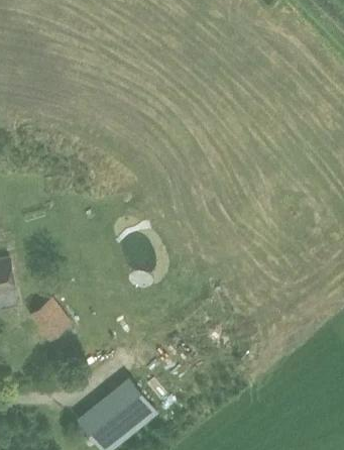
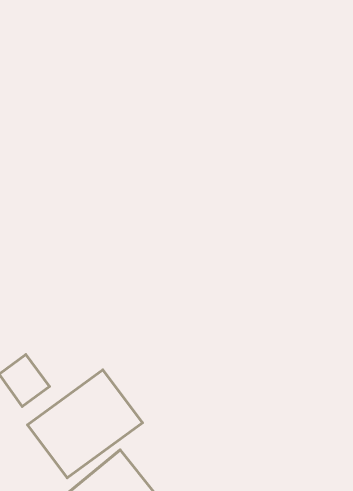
building: none -> [28,370,142,478]

